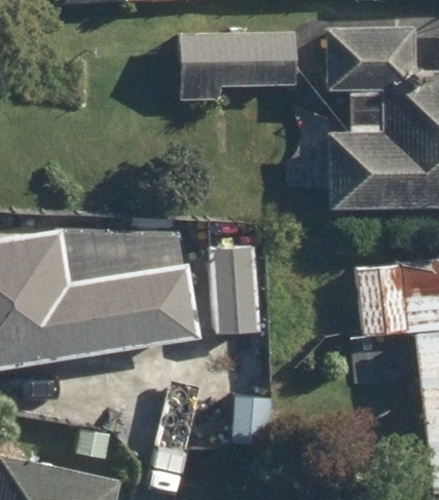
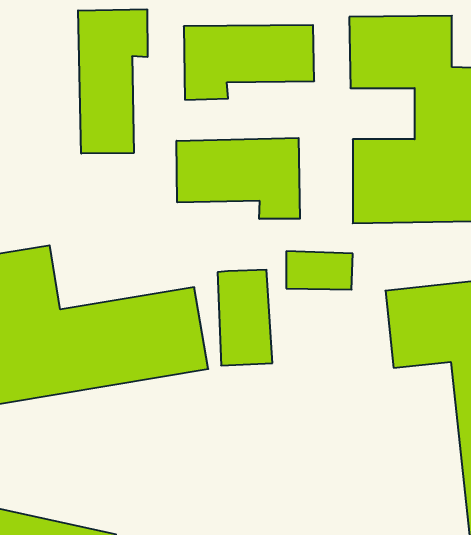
building: none -> [78,9,147,154]
building: none -> [177,138,300,219]

